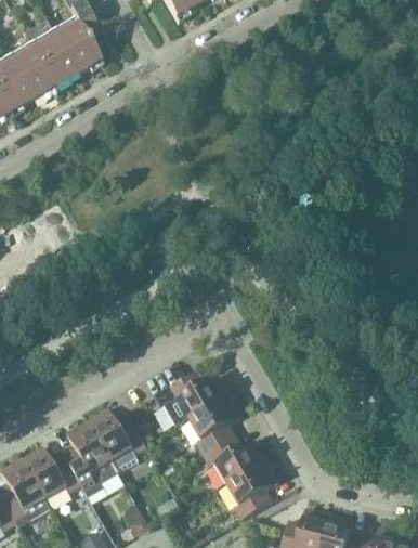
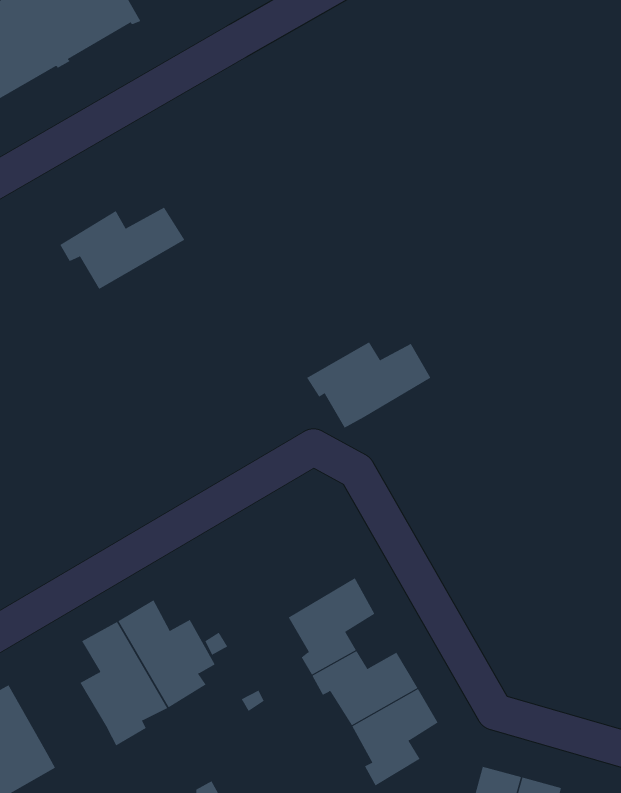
building: none -> [59,207,185,290]
building: [152,375,226,427] -> [306,341,431,428]
building: [19,447,78,500] -> none

